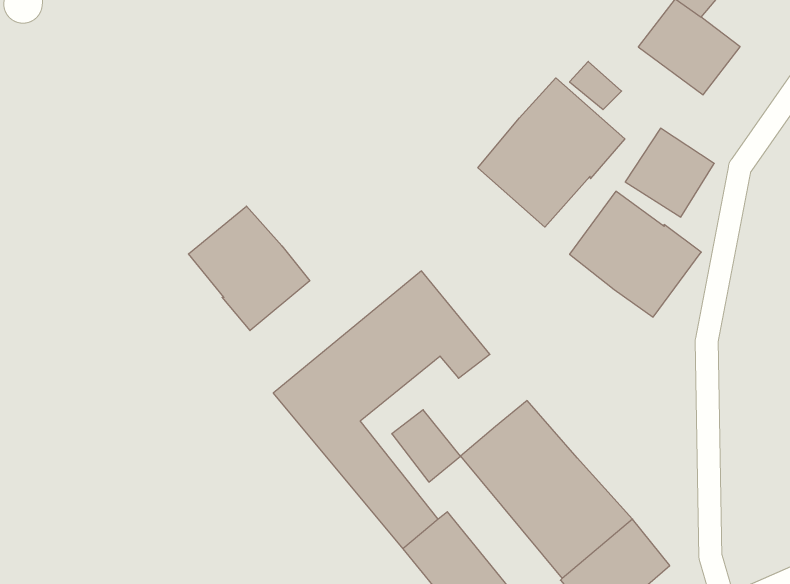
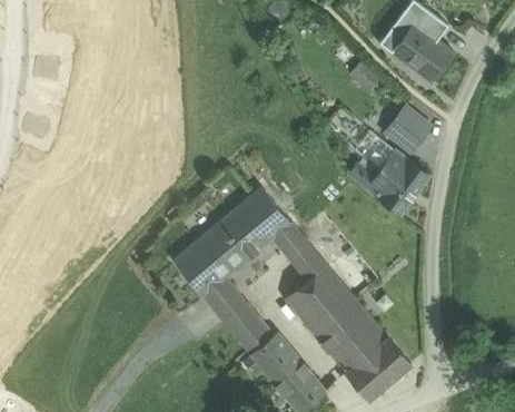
building: [478,78,625,227] -> none
building: [188,206,310,331] -> none
building: [392,410,460,482] -> [284,237,325,281]

